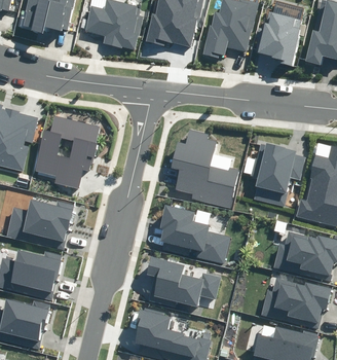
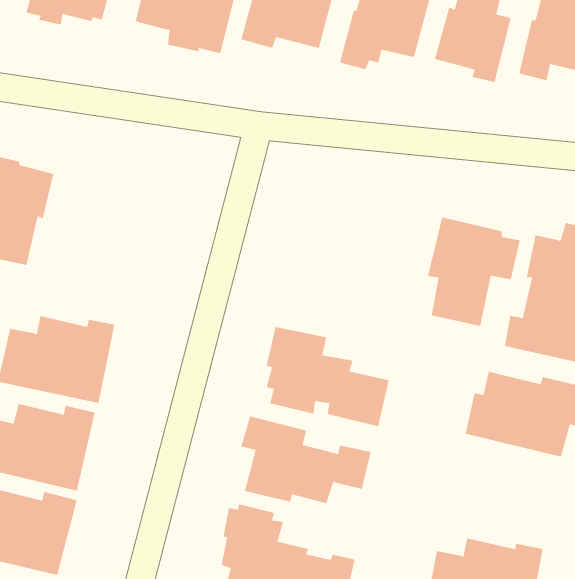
building: [34,114,100,187] -> none
building: [170,129,238,207] -> none
building: [261,277,330,328] -> none

